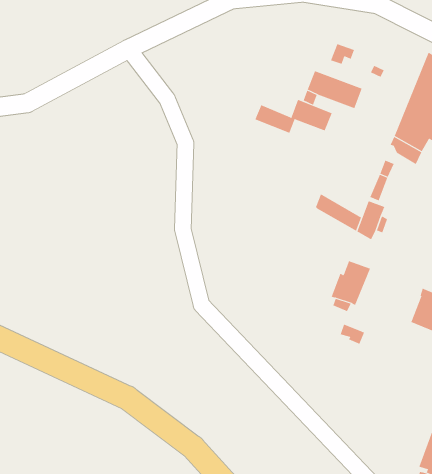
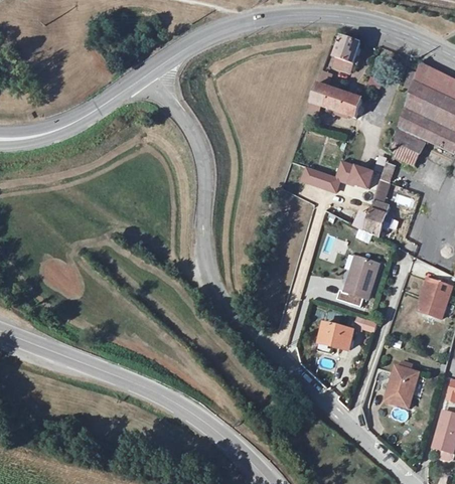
building: none -> [334,36,360,62]
building: [255,99,333,134] -> [302,159,373,191]
building: none -> [319,322,353,348]
building: none -> [384,365,419,408]

